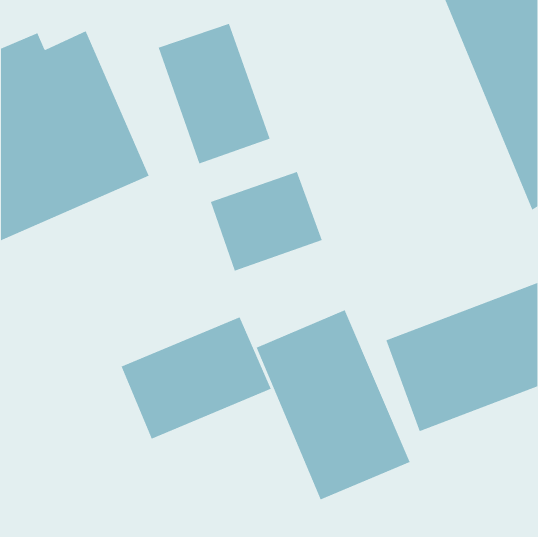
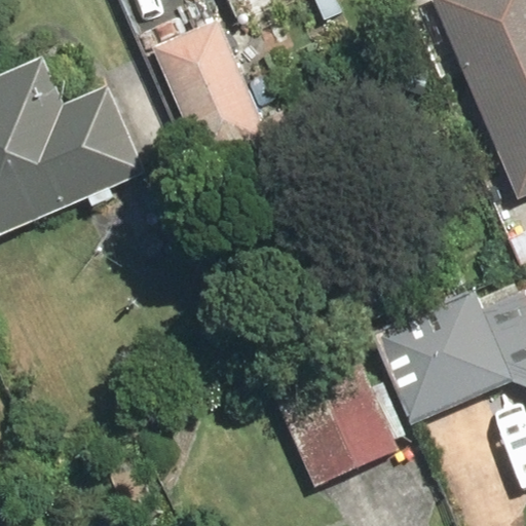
building: [210,171,322,272] -> none
building: [121,316,272,440] -> none

